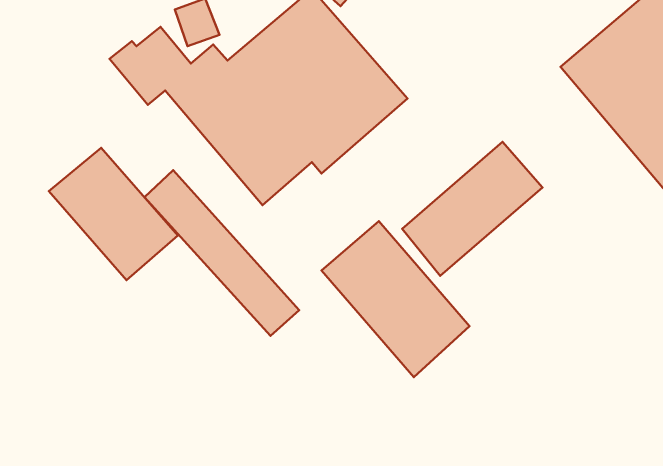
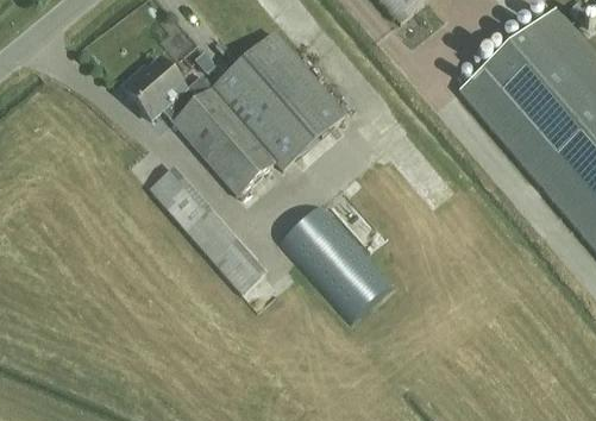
building: [402,142,542,276] -> none
building: [49,148,178,280] -> none

